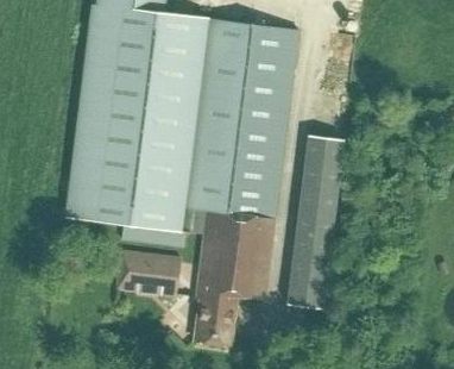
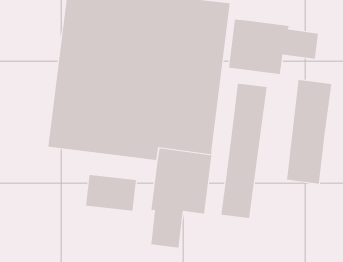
building: none -> [229,19,318,75]
building: none -> [287,79,332,184]

